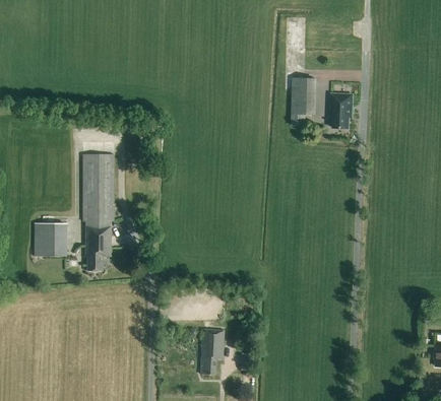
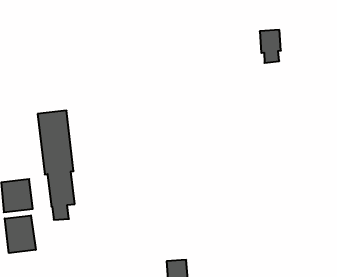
building: [292,77,314,126] -> none
building: none -> [5,215,36,253]

